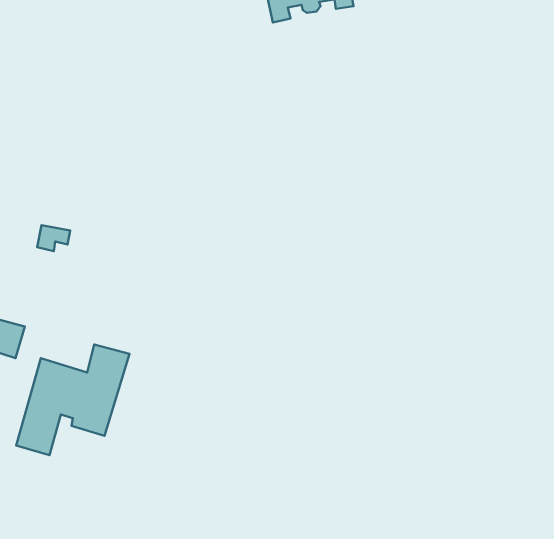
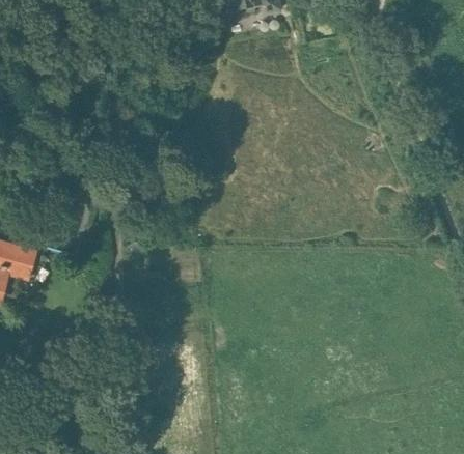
building: [16,344,129,455] -> none

